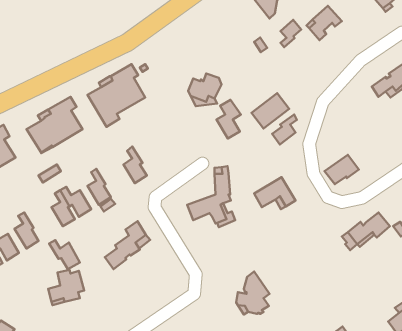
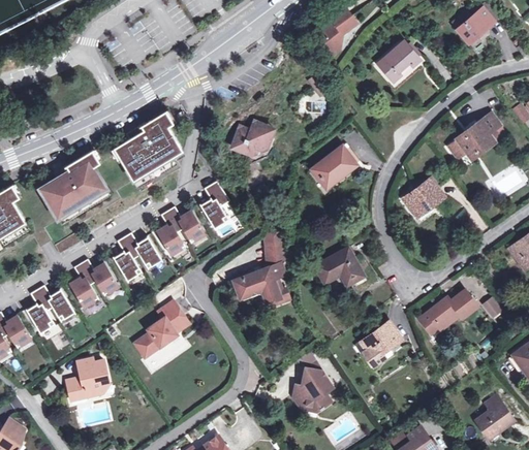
building: [281,20,301,47] -> none
building: [217,100,241,138] -> [200,181,229,227]
building: [272,114,297,144] -> none
building: none -> [167,206,205,242]
building: [325,155,359,184] -> [403,179,444,214]
building: none -> [124,232,161,267]
building: none -> [362,322,400,366]
building: [49,240,80,269] -> [37,285,74,320]

